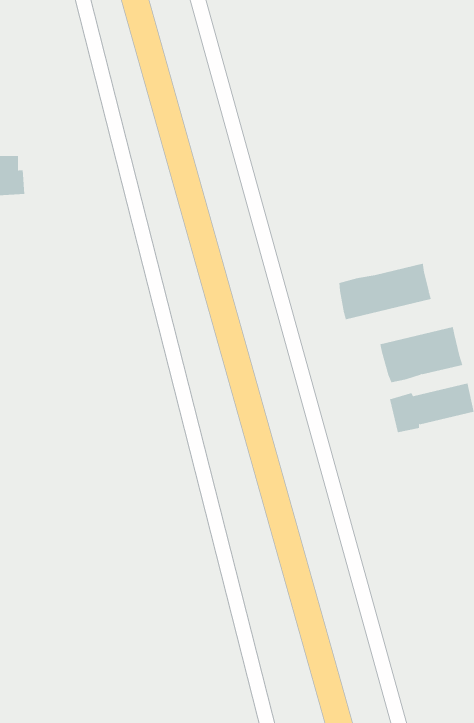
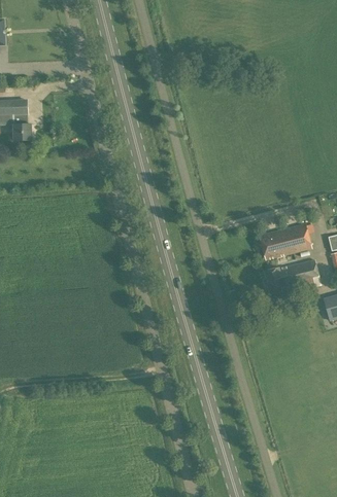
building: [339,263,432,320] -> none

